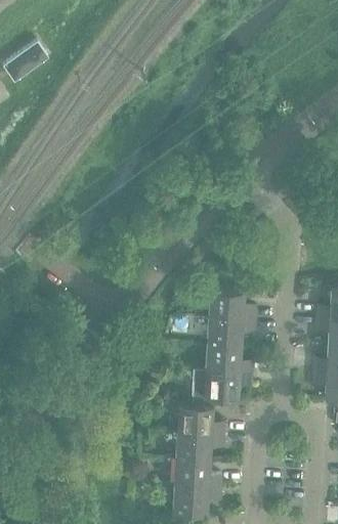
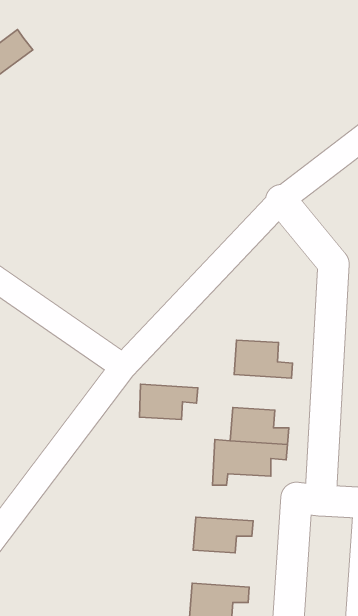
building: [209,316,256,345] -> [139,384,198,420]
building: [179,404,225,434] -> none
building: [176,457,222,487] -> none

